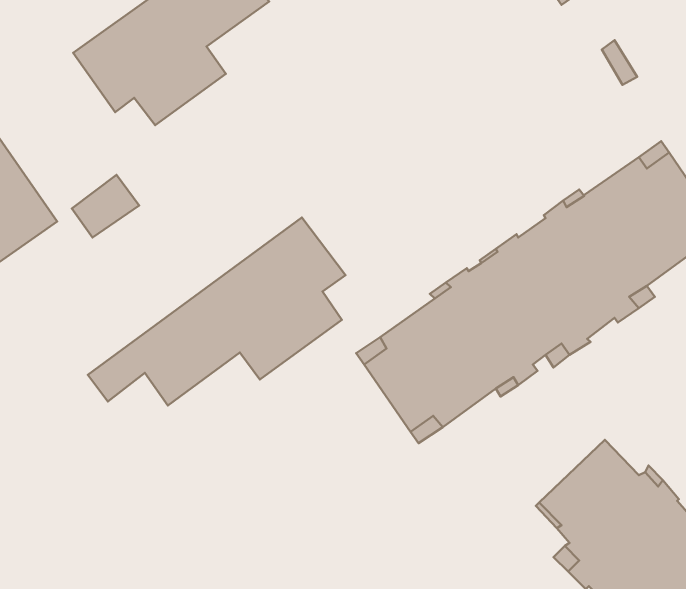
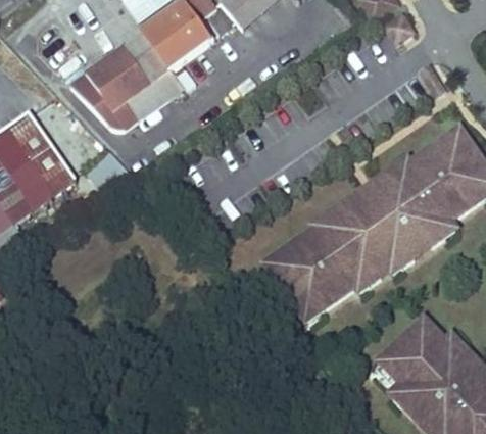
building: [88,217,345,406] -> none

